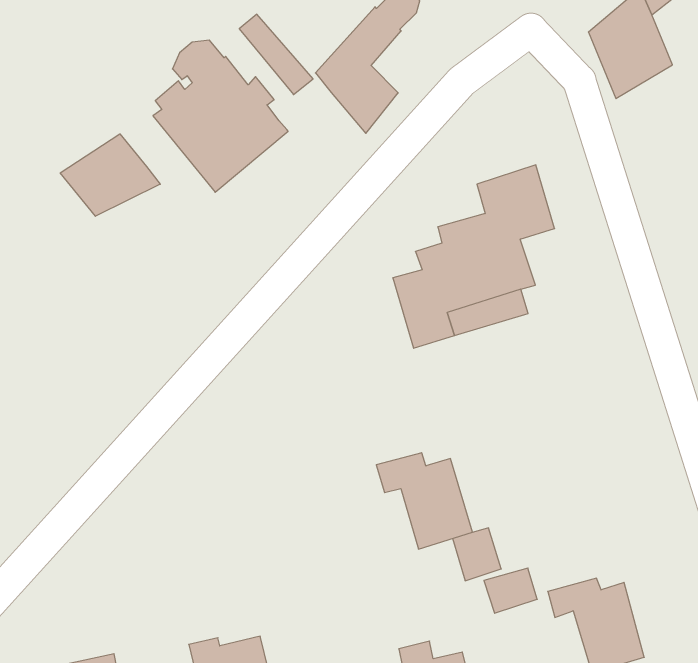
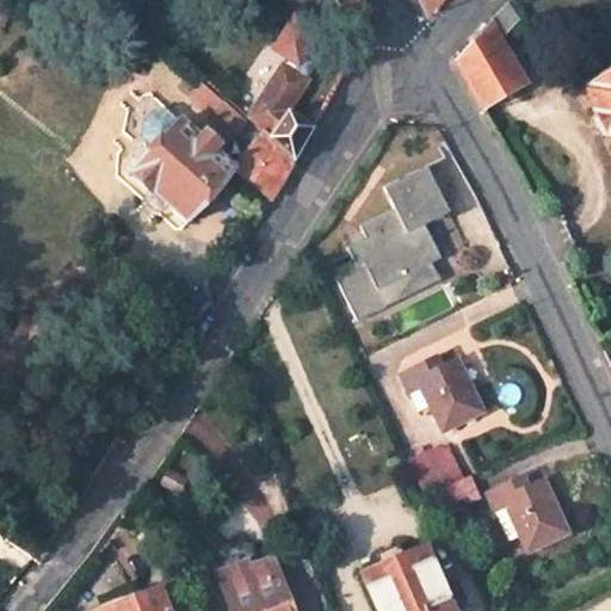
building: none -> [235,132,296,214]
building: [60,134,160,216] -> none
building: [376,453,472,549] -> [406,370,487,444]

